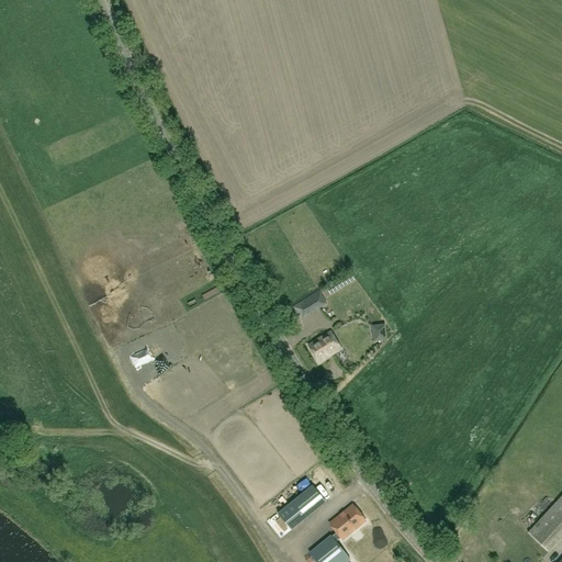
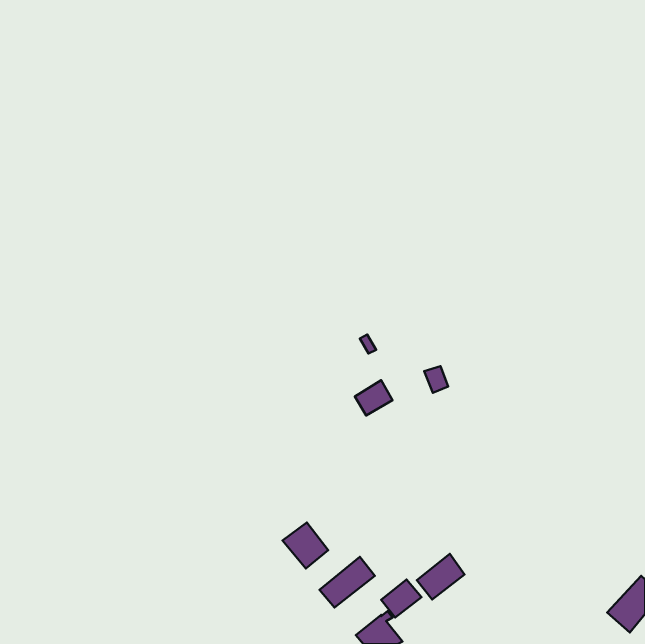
building: none -> [283,523,328,568]
building: none -> [417,554,465,600]

